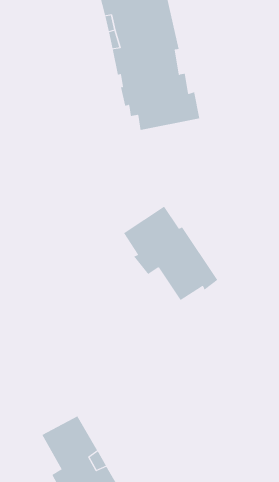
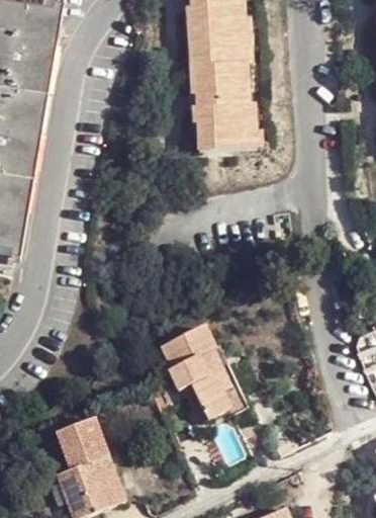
building: [123,206,218,301] -> [163,324,248,419]

